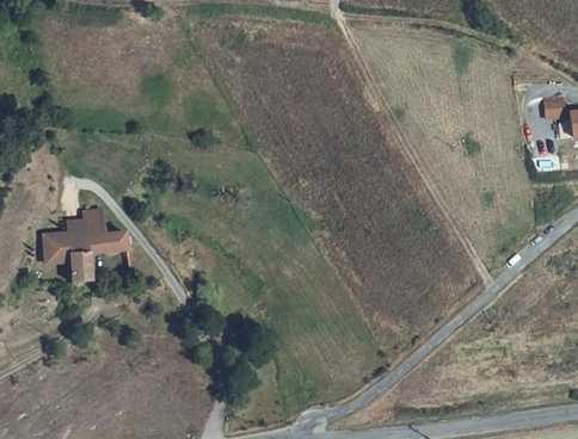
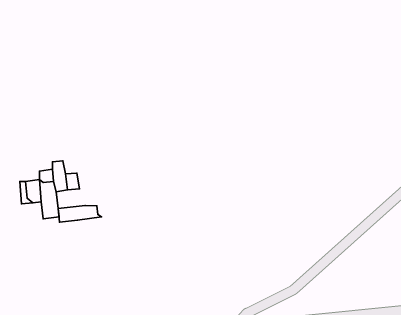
building: none -> [58,206,102,222]

